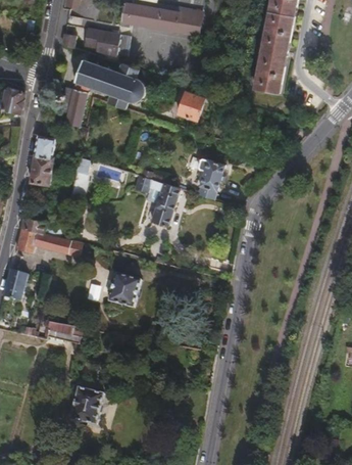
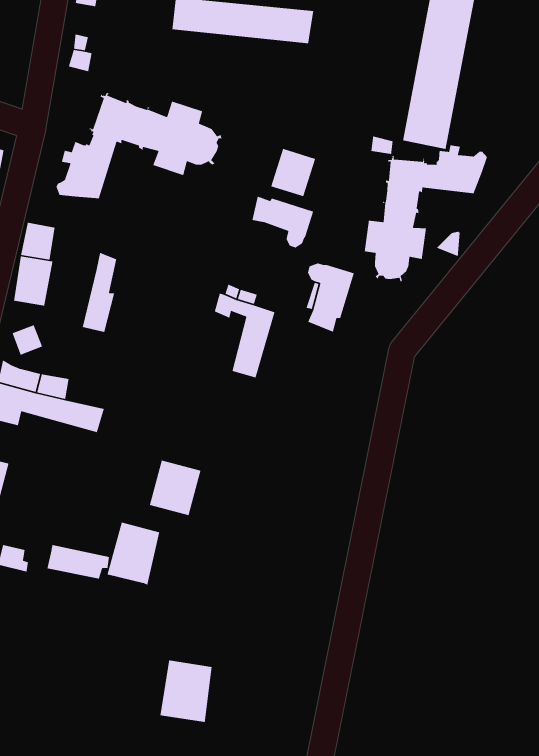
building: [83,30,118,56] -> none
building: none -> [364,144,488,283]
building: none -> [251,195,314,249]
building: none -> [107,522,160,586]
building: [70,390,101,427] -> [160,659,212,723]

